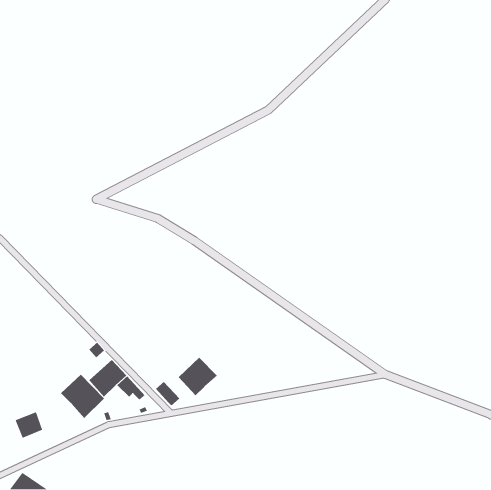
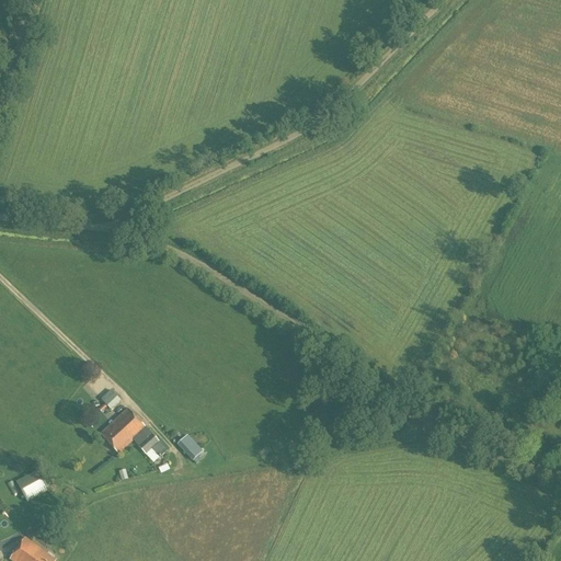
building: [178,357,218,396] -> none
building: [60,374,105,419] -> none

